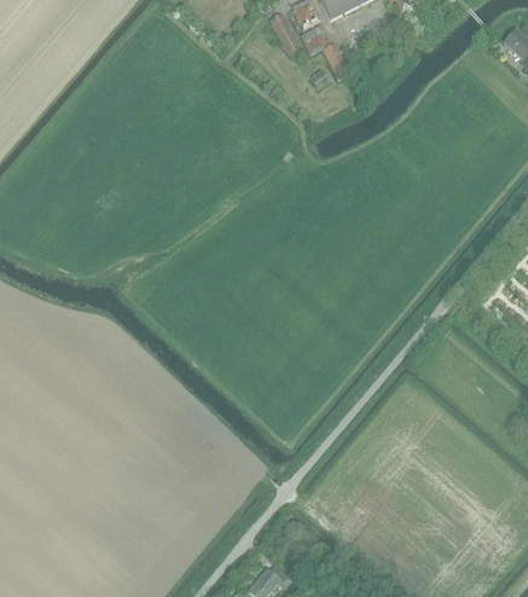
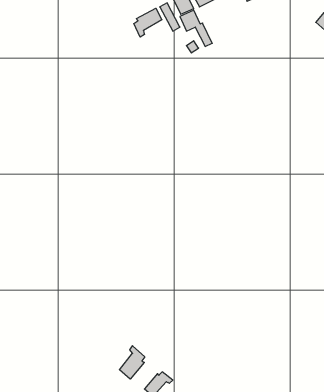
building: none -> [134,8,162,37]
building: none -> [119,346,145,379]

